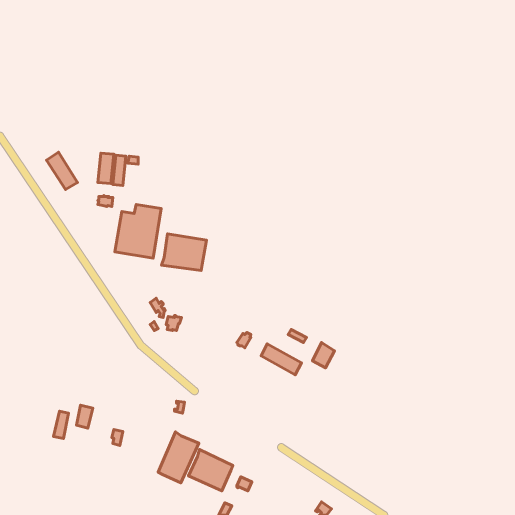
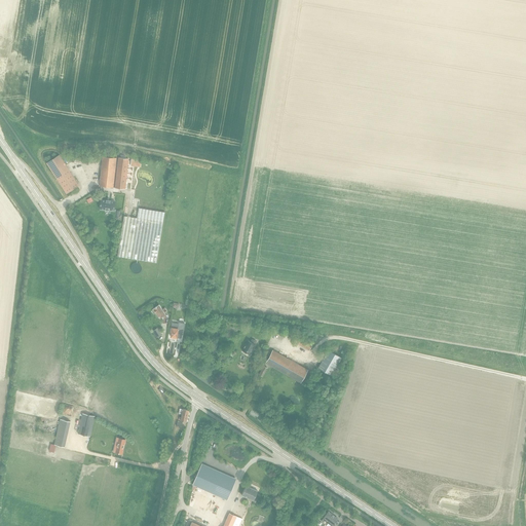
building: [162,234,206,271] -> none
building: [158,432,199,483] -> none

